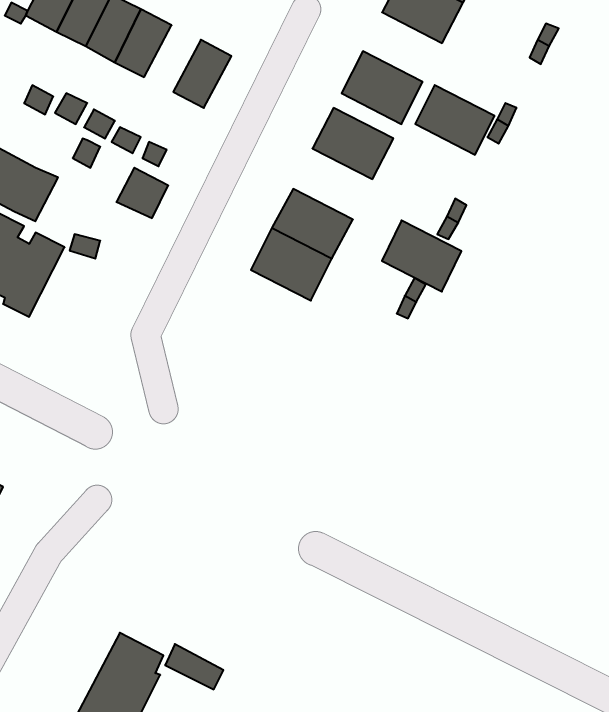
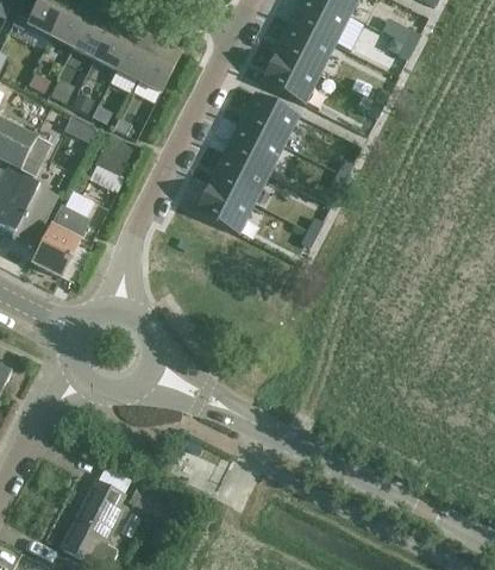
building: none -> [115,30,157,79]
building: [415,85,495,155] -> [276,20,334,71]
building: [382,220,461,292] -> [225,120,283,173]
building: none -> [33,202,90,275]

